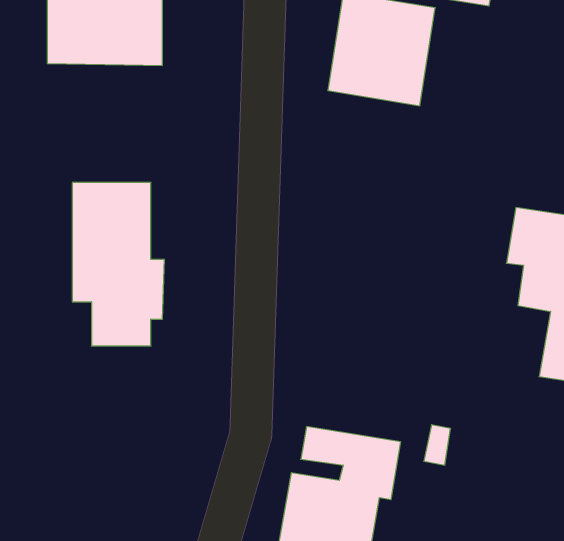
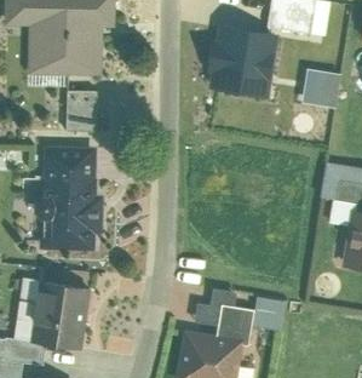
building: none -> [299,70,340,109]
building: none -> [69,90,99,131]
building: none -> [35,281,93,349]

